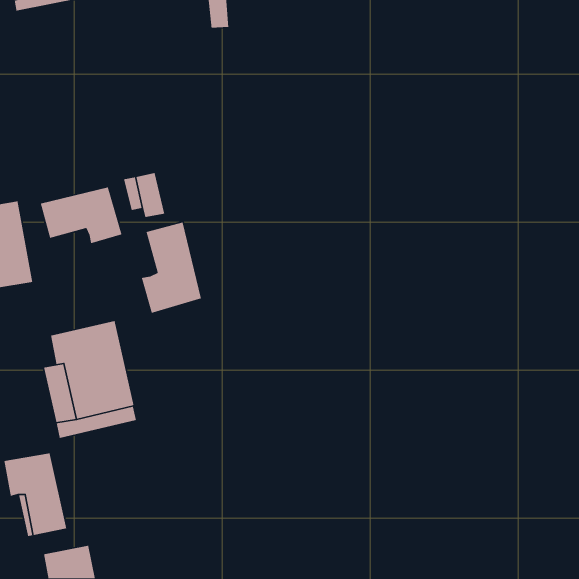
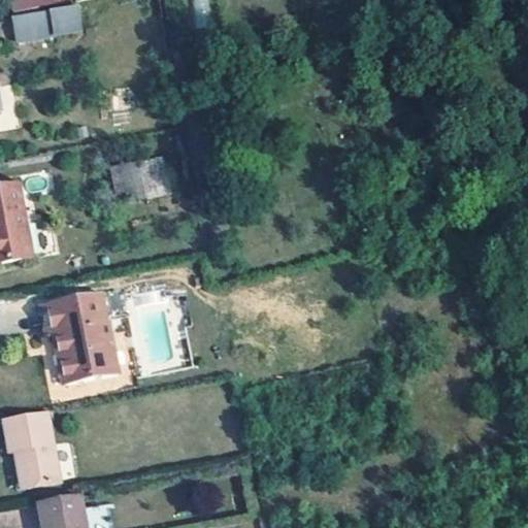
building: none -> [14,5,81,40]
building: [40,186,123,244] -> none
building: [141,222,202,314] -> none

